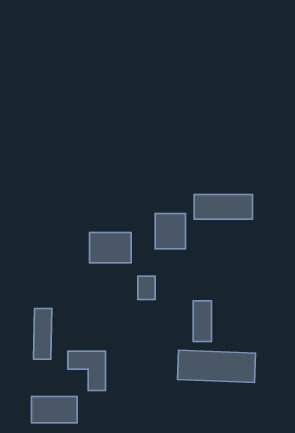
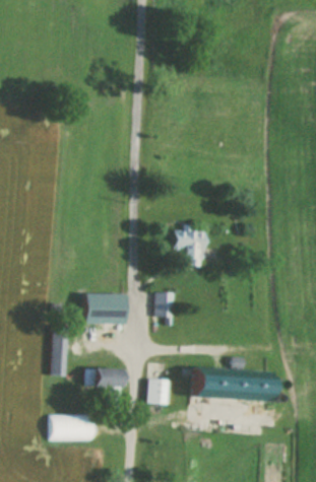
building: [194,194,253,219] -> none
building: [90,232,131,263] -> [85,293,127,324]
building: [193,301,211,341] -> [149,363,168,404]

